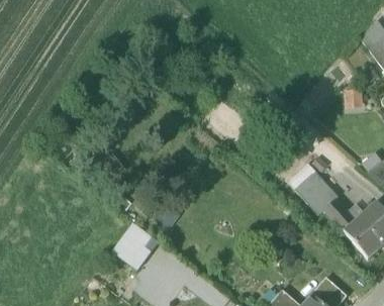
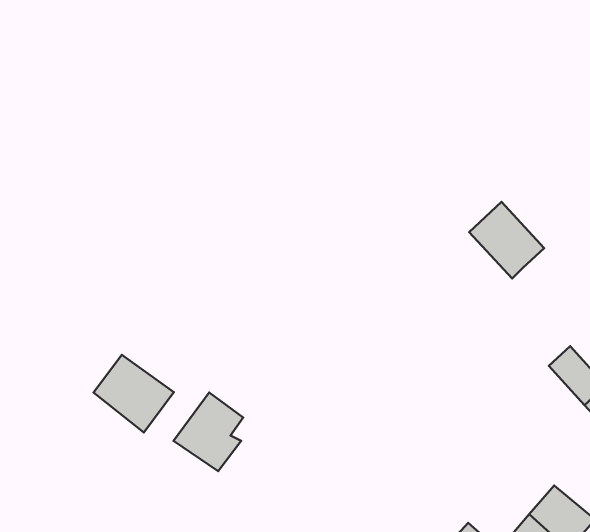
building: [294,172,337,215] -> [469,202,544,279]
building: none -> [93,355,174,433]

